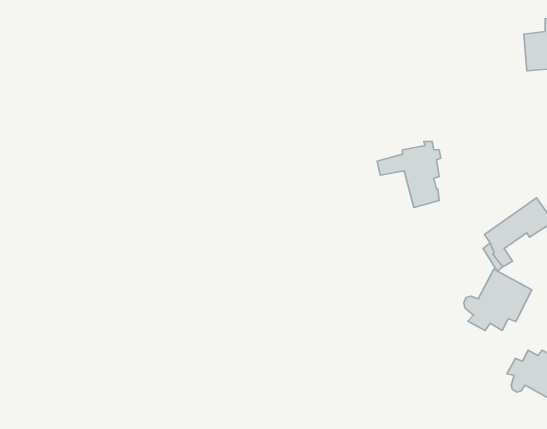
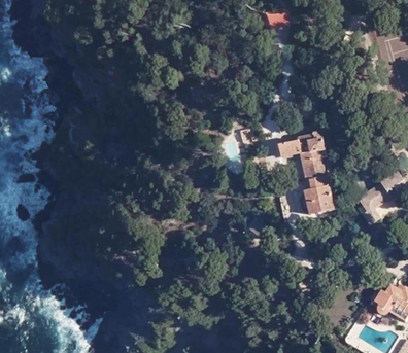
building: none -> [299,174,333,214]
building: [464,269,532,330] -> none

